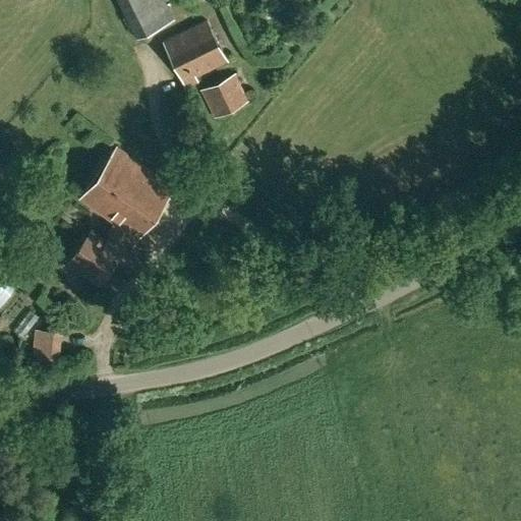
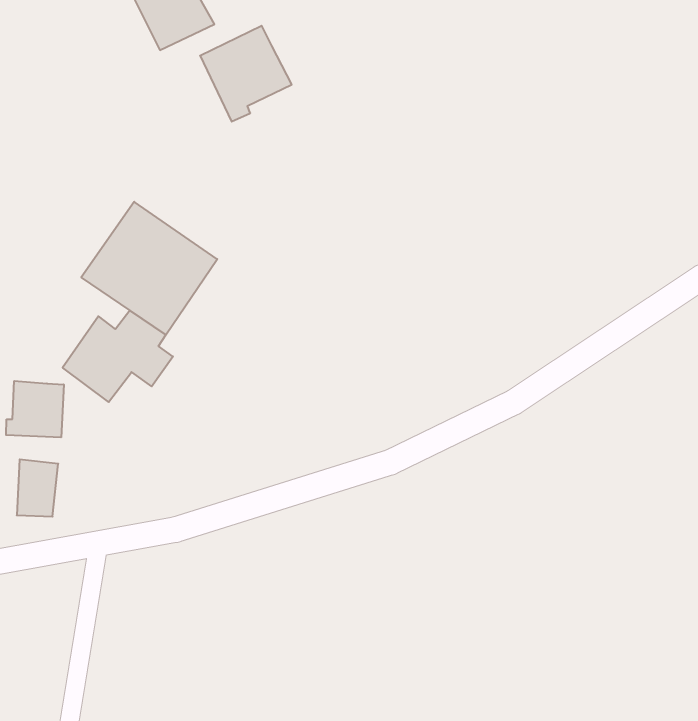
building: [199,74,248,120] -> none
building: none -> [6,381,64,437]

